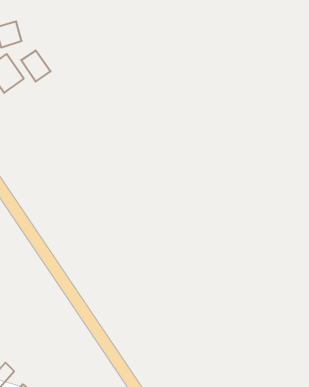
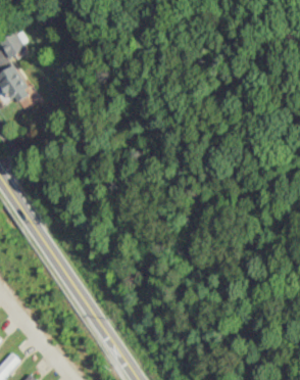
building: [21,50,51,82] -> none

